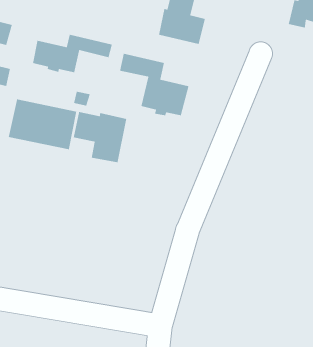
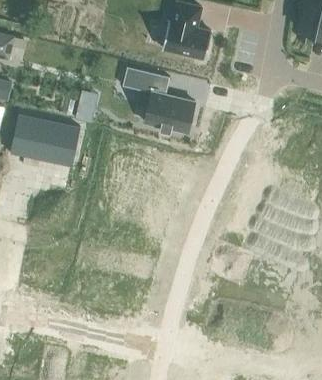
building: [32,34,113,73] -> none
building: [73,111,127,163] -> none

